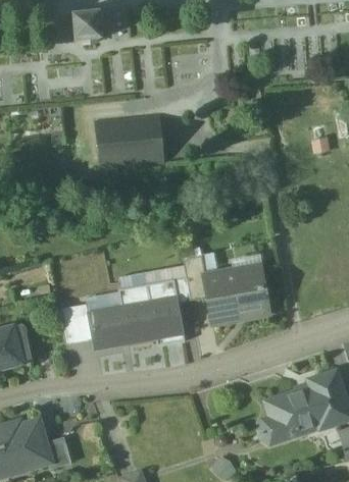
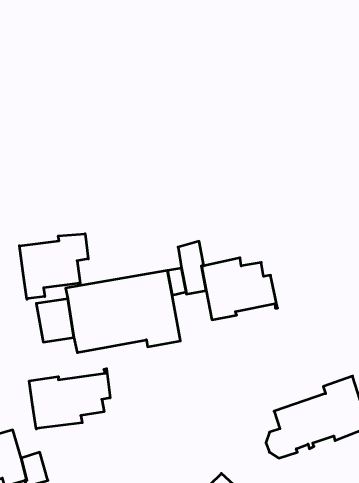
building: [95,115,163,168] -> none
building: none -> [19,234,88,299]
building: none -> [29,369,110,429]

